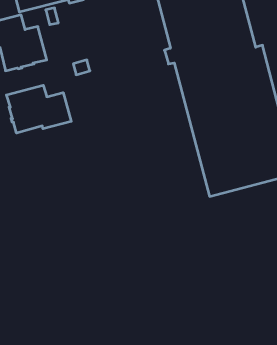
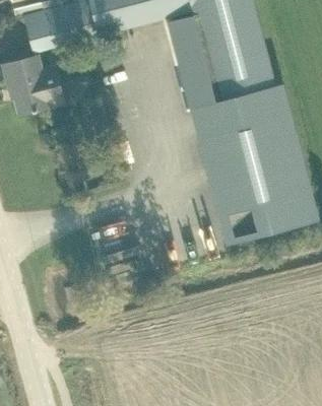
building: [6,85,71,133] -> none

